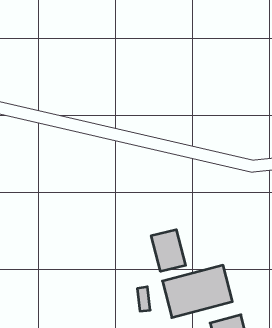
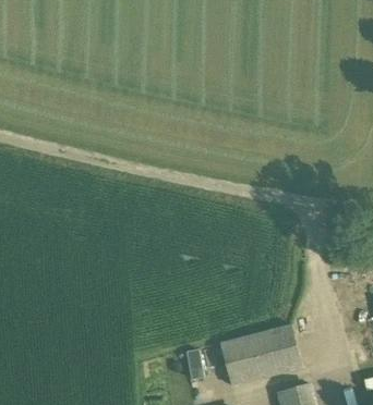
building: [151,230,186,271] -> none

